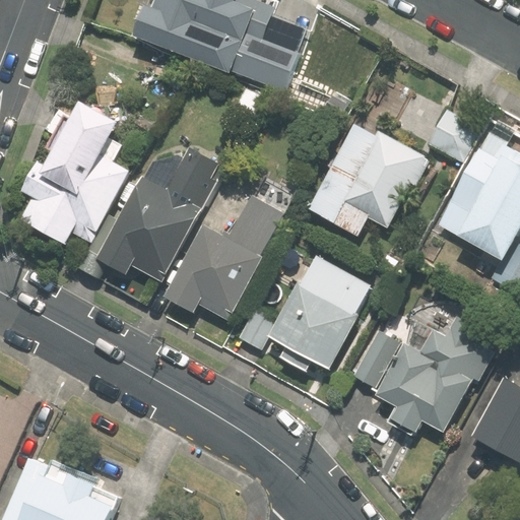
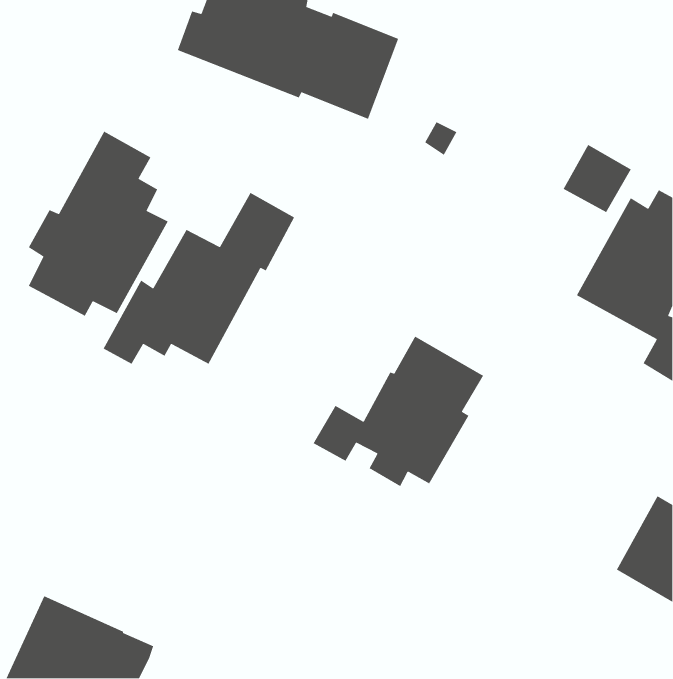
building: [310,127,428,236] -> none
building: [162,194,280,318] -> none
building: [353,320,495,434] -> none

